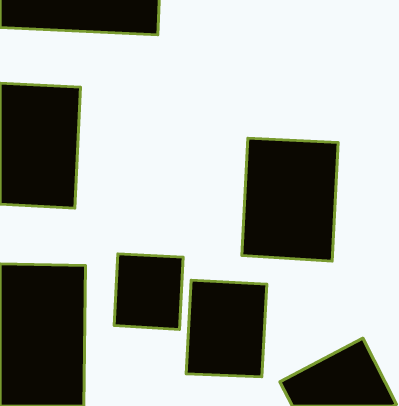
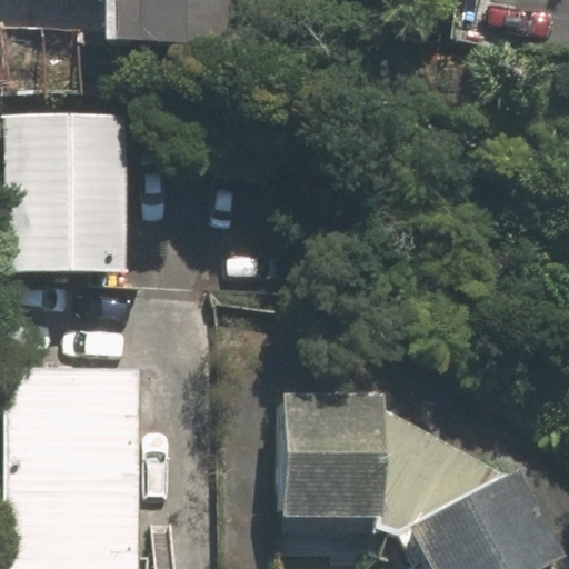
building: [242,138,338,261] -> none
building: [114,254,183,329] -> none

